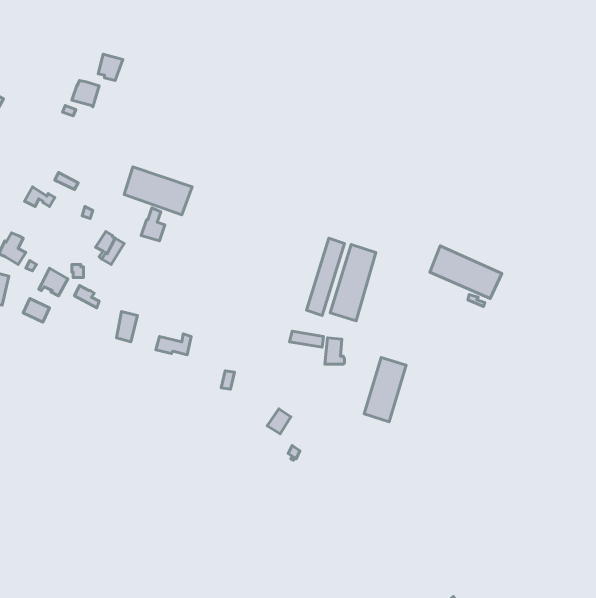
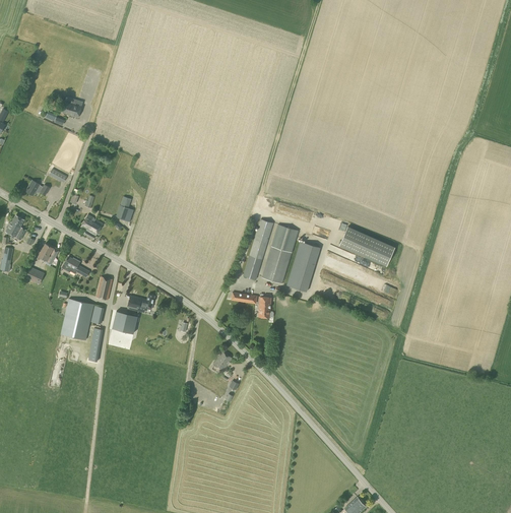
building: [124,167,192,215] -> none
building: none -> [59,298,93,340]
building: [364,357,406,422] -> [286,242,319,292]
building: none -> [111,312,136,334]

